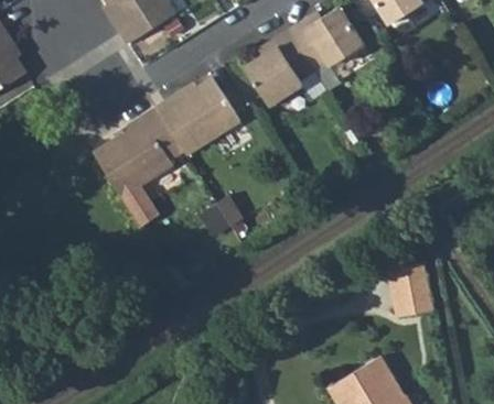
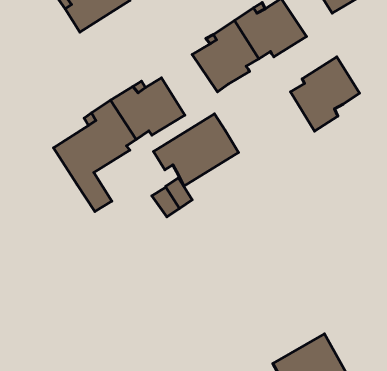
building: none -> [291,57,360,131]
building: none -> [154,114,238,186]
building: [388,272,433,328] -> none

